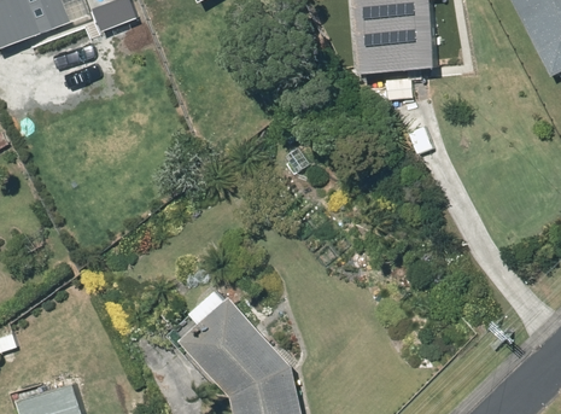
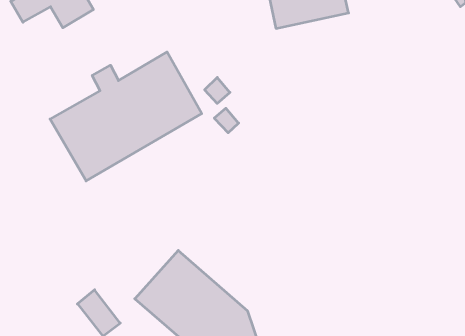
building: none -> [50,52,202,181]

